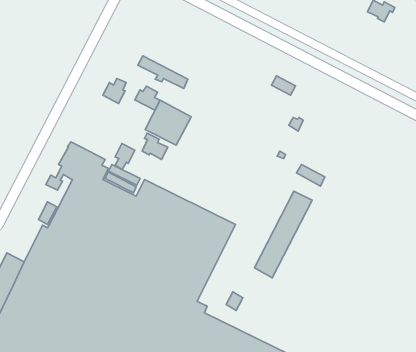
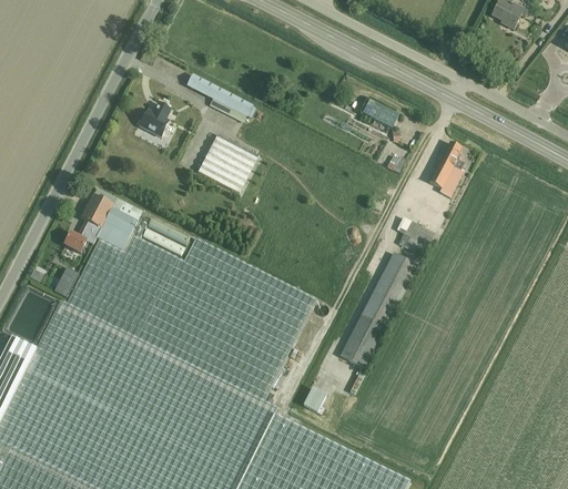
building: [135,86,160,110] -> none
building: none -> [428,143,464,198]
building: [142,133,168,159] -> none
building: [115,143,135,170] -> none

